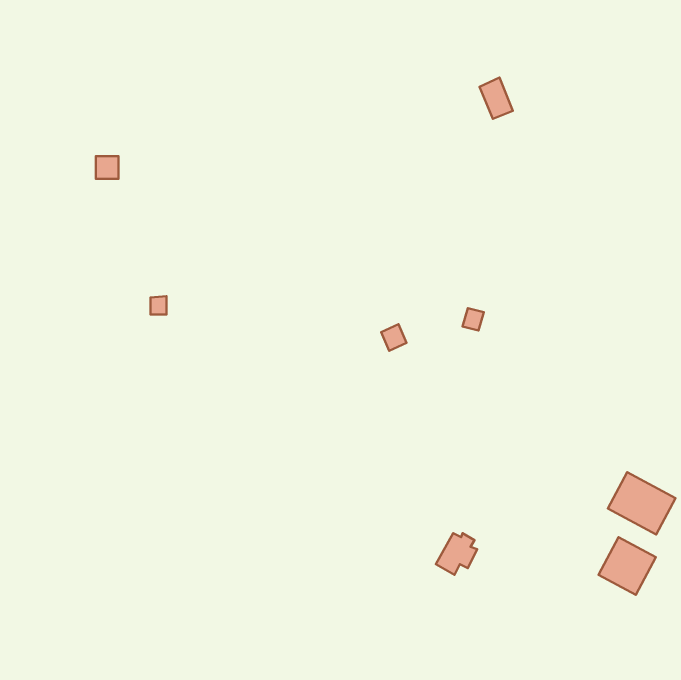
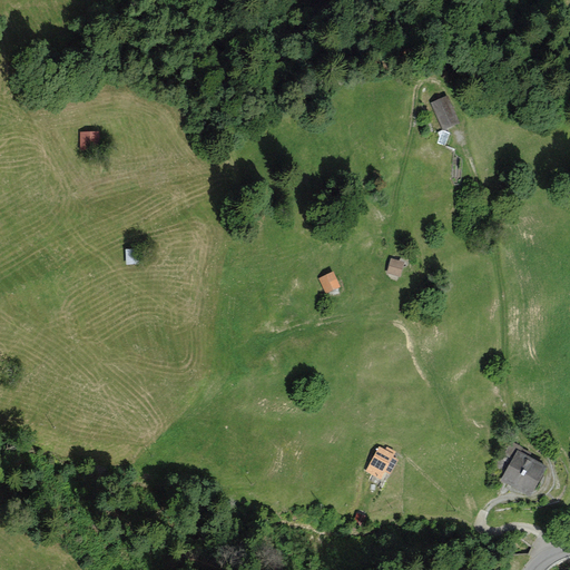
building: [480,78,513,119] -> [431,95,459,129]
building: [608,472,676,534] -> none

